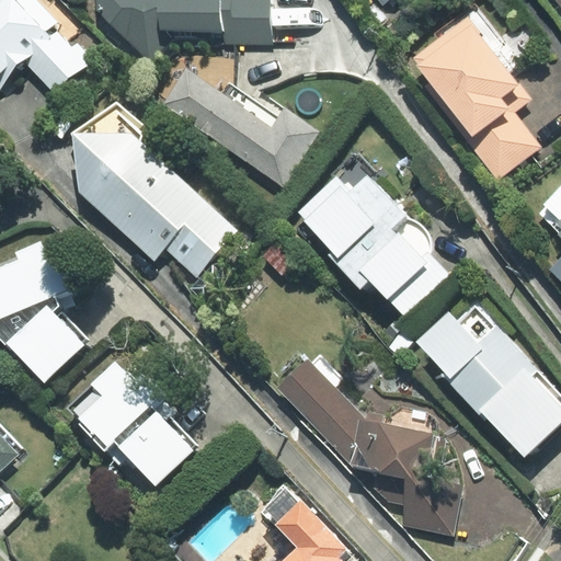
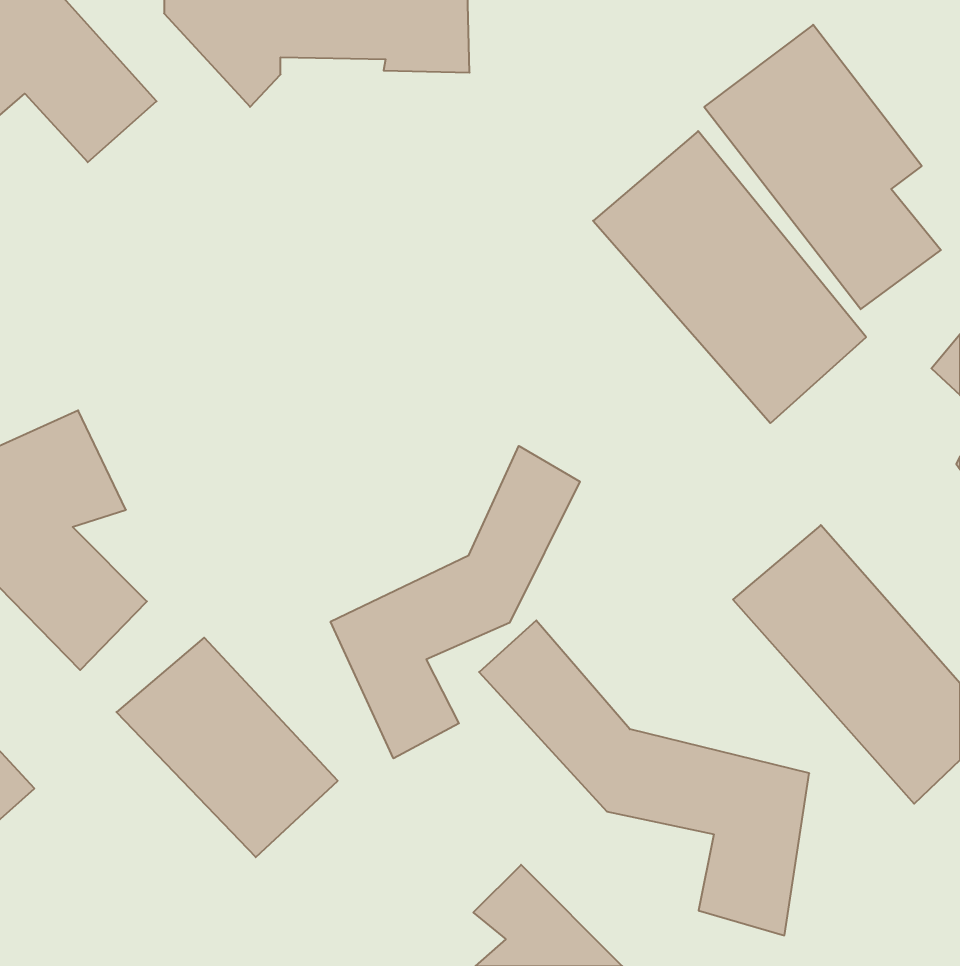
building: [165,69,319,185] -> none
building: [77,134,236,273] -> none
building: [294,157,450,324] -> [593,131,866,423]
building: none -> [331,446,580,758]

